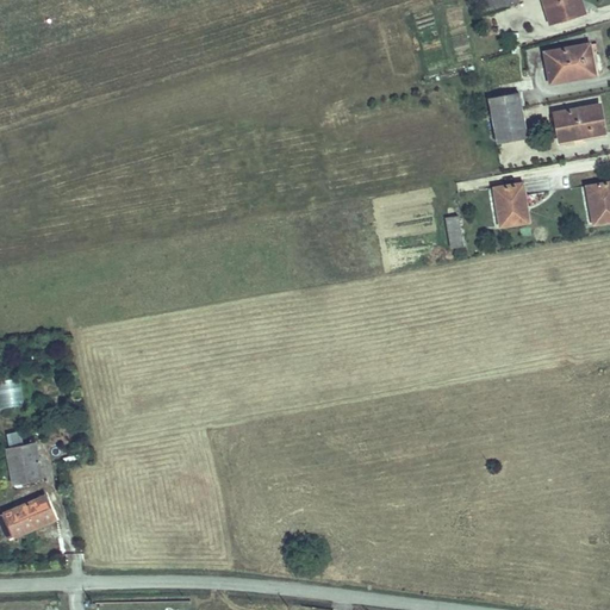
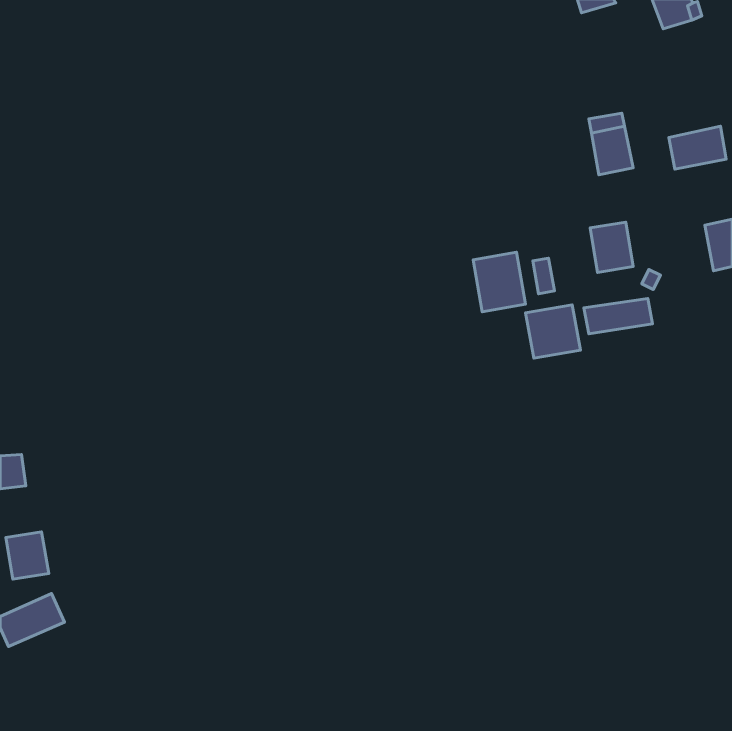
building: [546,45,593,81] -> none
building: none -> [473,252,525,312]
building: none -> [584,299,652,334]
building: none -> [526,305,581,358]

